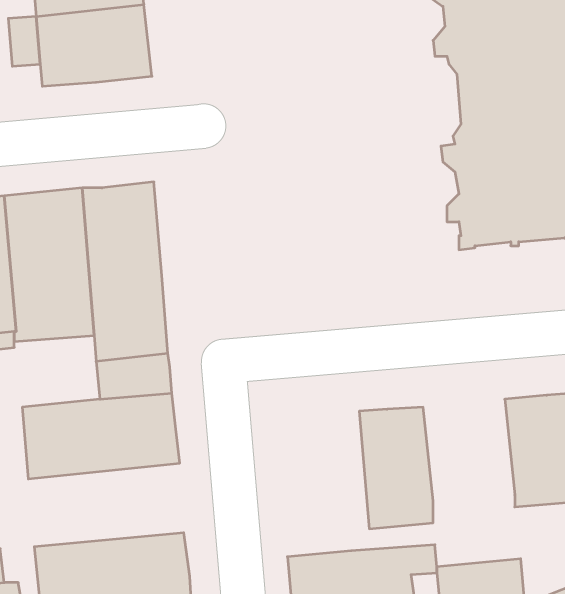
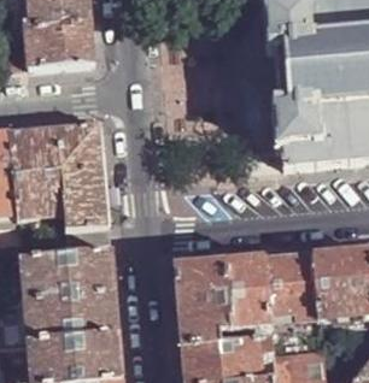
building: none -> [262,253,317,314]
building: none -> [174,260,229,348]
building: none -> [23,291,117,342]

